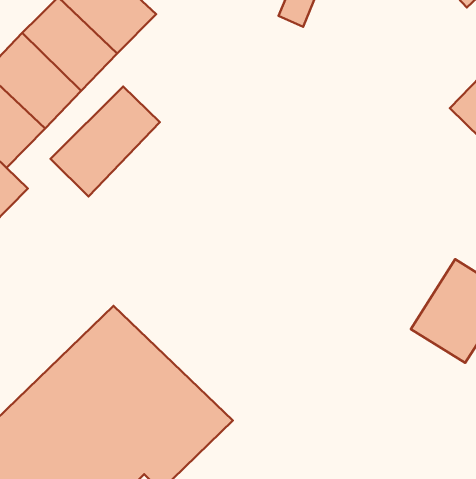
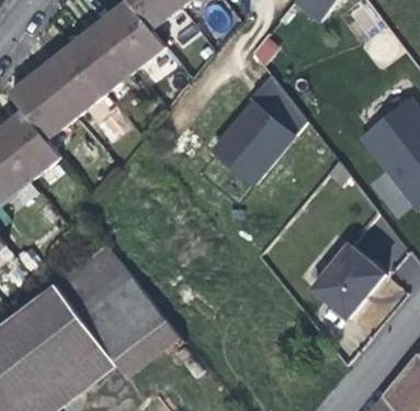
building: none -> [214,76,306,184]
building: [50,86,160,196] -> none

